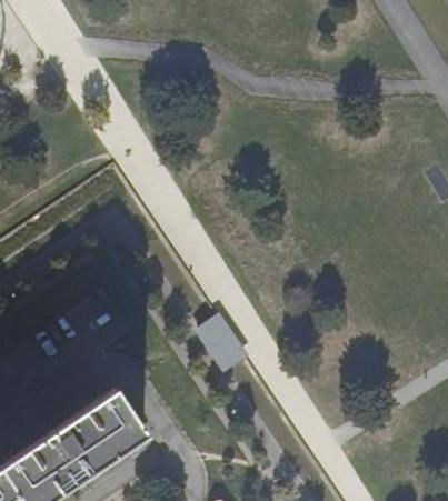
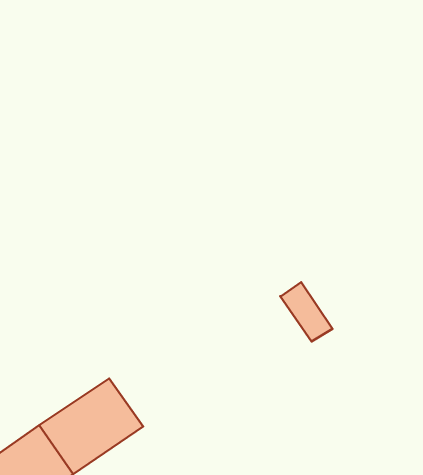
building: [196,315,246,372] -> [280,282,333,342]

